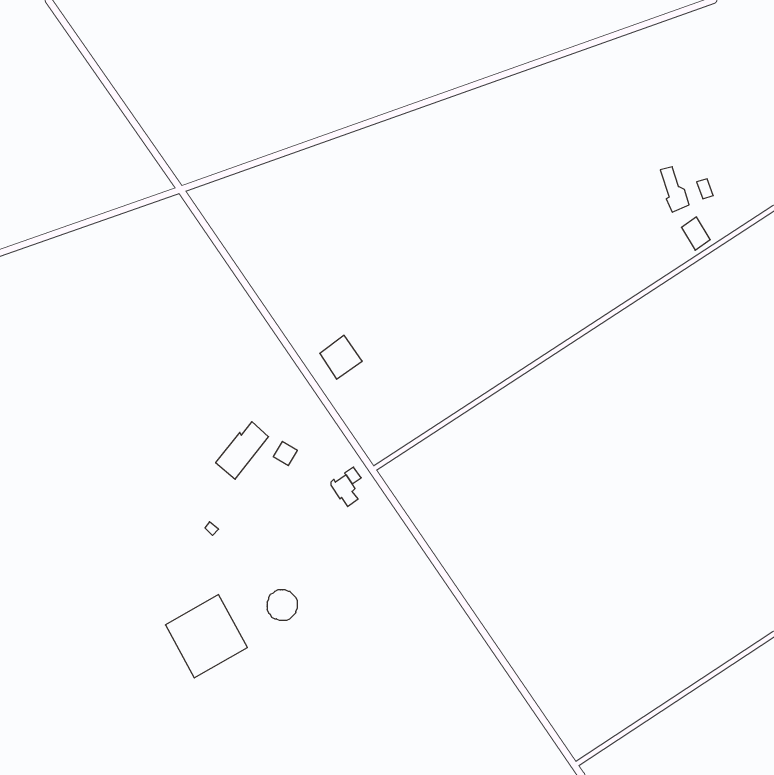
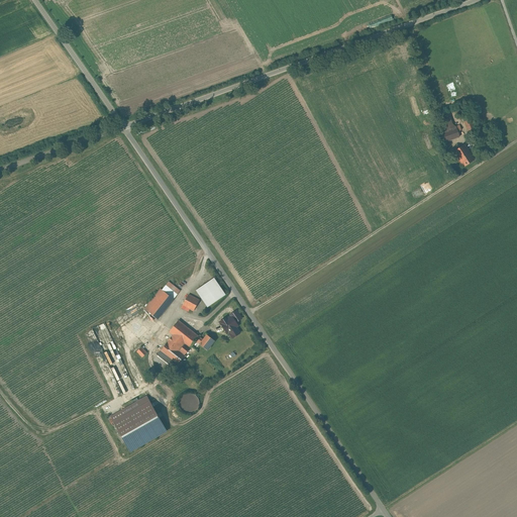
building: [320,335,362,379] -> [196,278,224,307]
building: none -> [151,320,214,371]

